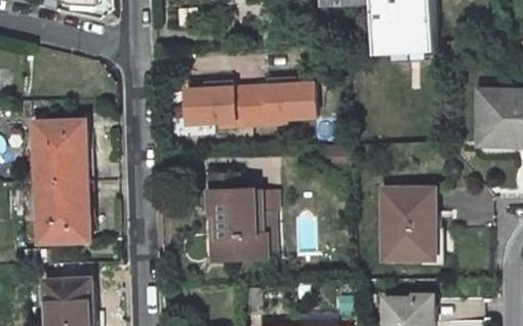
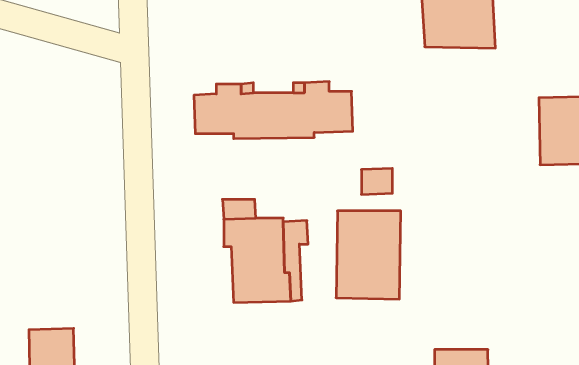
building: [31,118,89,239] -> none
building: [386,188,439,260] -> [336,211,401,299]

